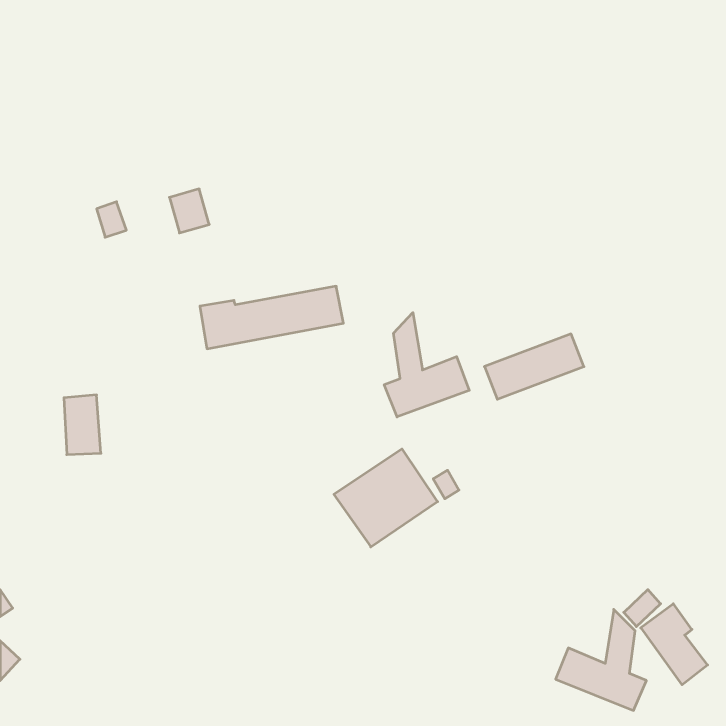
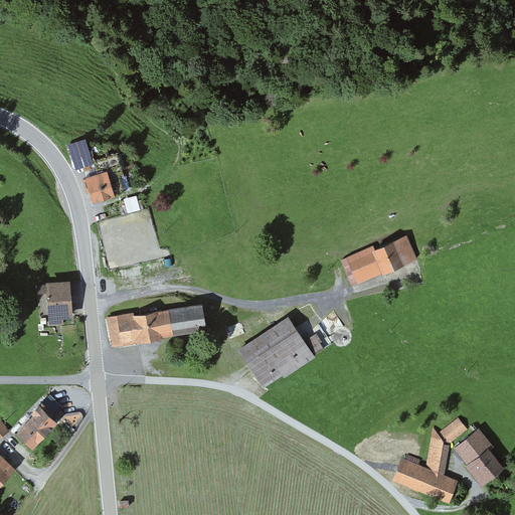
building: [169,189,209,233] -> [85,175,114,206]
building: [200,286,343,349] -> [107,302,208,346]
building: [384,313,469,417] -> none
building: none -> [18,397,81,448]

